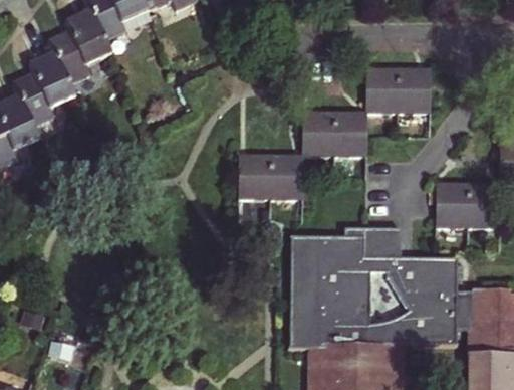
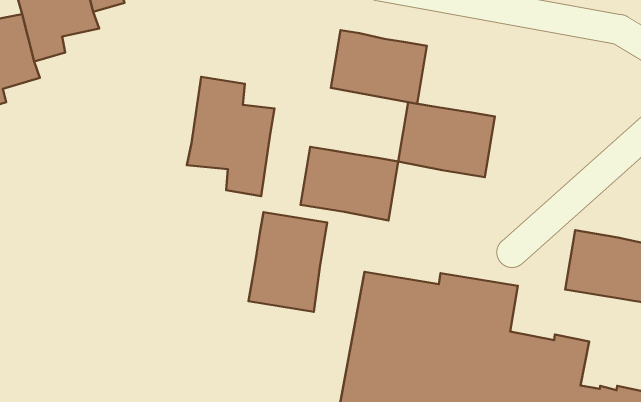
building: [366,69,430,113] -> [331,30,427,104]
building: none -> [187,77,274,196]
building: none -> [249,212,327,312]

